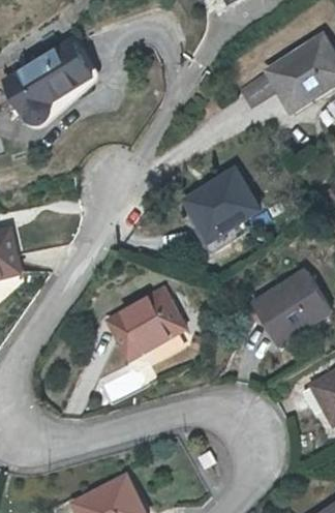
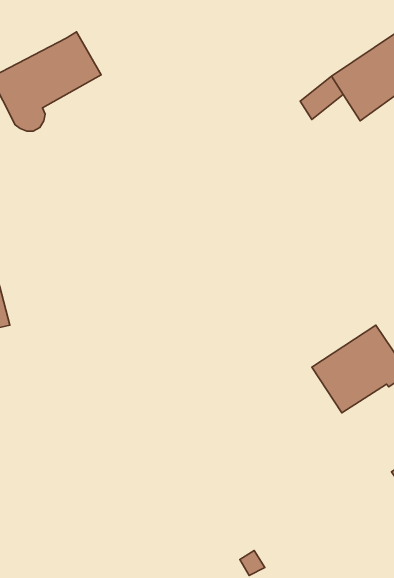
building: [183,167,257,234] -> none
building: [103,291,180,360] -> none

